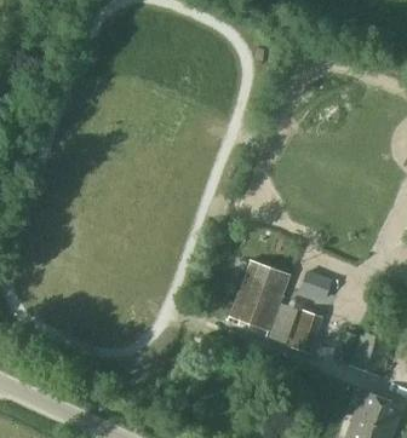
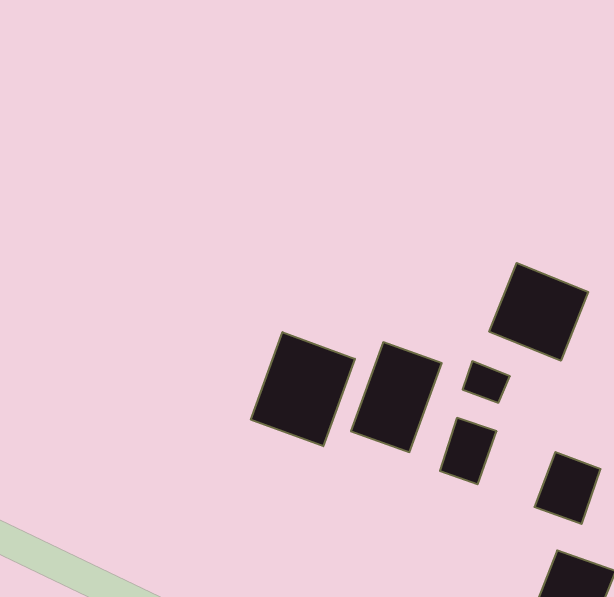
building: none -> [489,263,588,361]
building: none -> [251,332,355,446]

